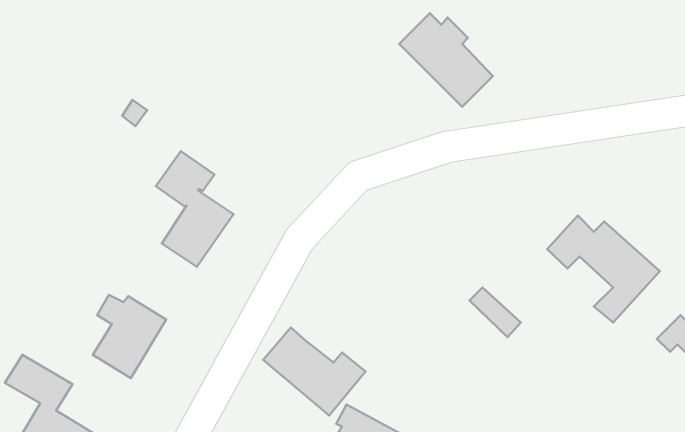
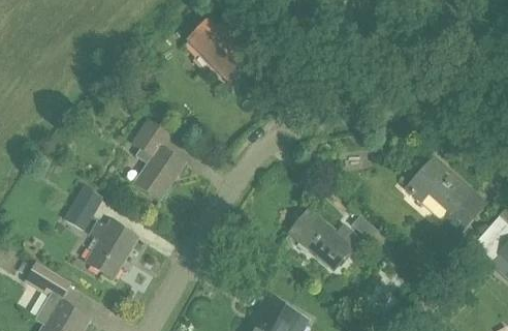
building: [399,13,493,107] -> [187,19,253,85]
building: none -> [62,185,103,231]
building: [263,327,366,415] -> [287,207,359,269]

